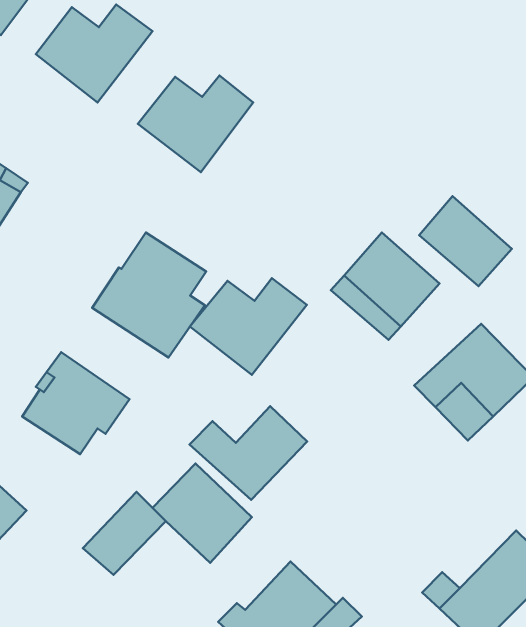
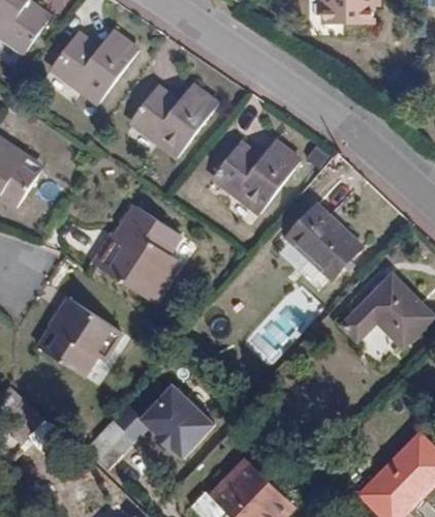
building: [419,196,512,286] -> none
building: [190,278,307,375] -> [212,140,302,214]
building: [189,406,307,500] -> none

